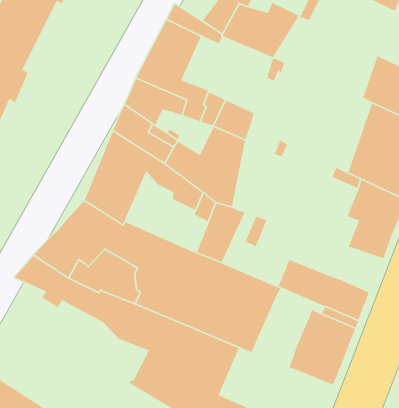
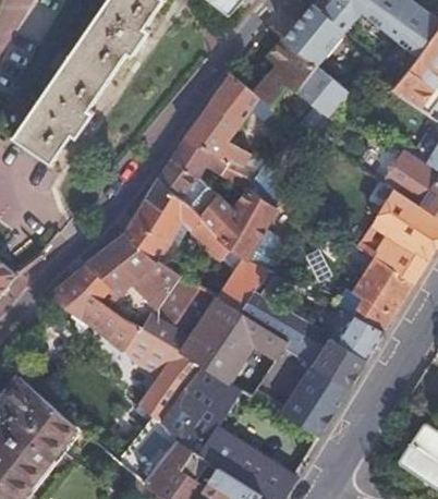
building: none -> [336,314,382,357]

